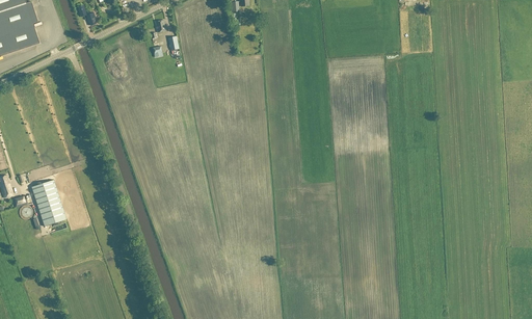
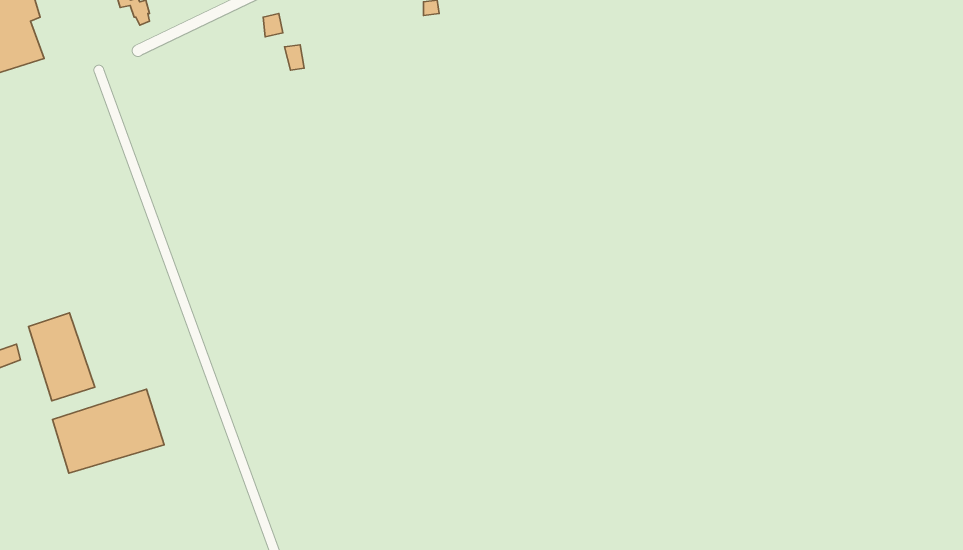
building: none -> [52,389,164,473]

